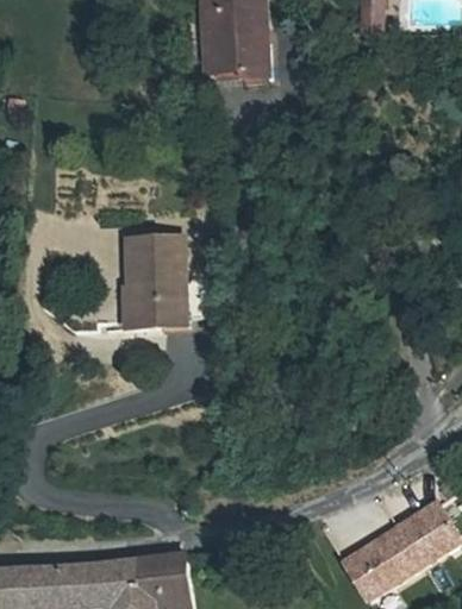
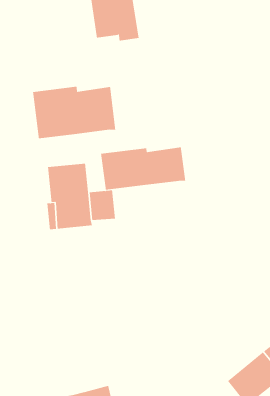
building: none -> [32,86,116,139]
building: none -> [100,147,186,191]

